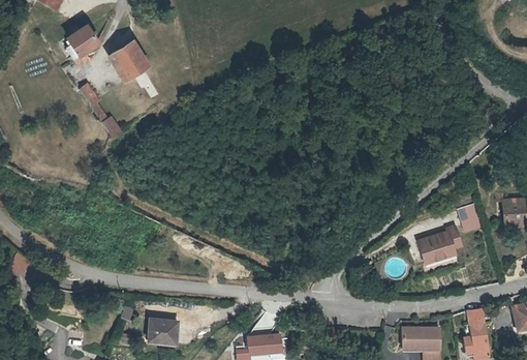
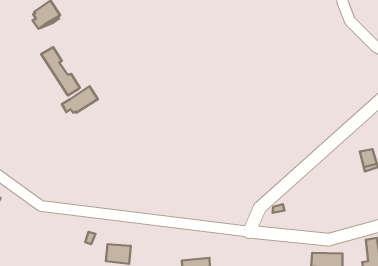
building: [112,42,147,79] -> none
building: none -> [62,86,98,113]
building: [417,226,460,260] -> none

